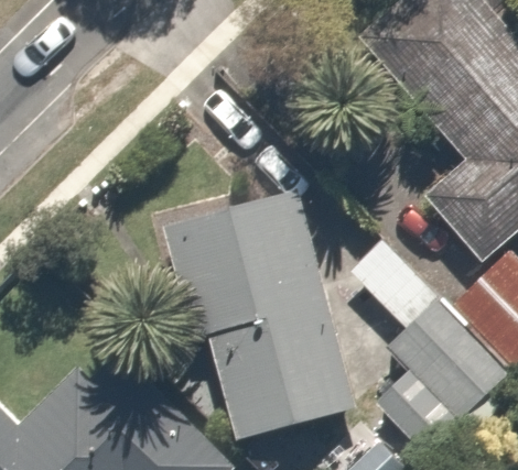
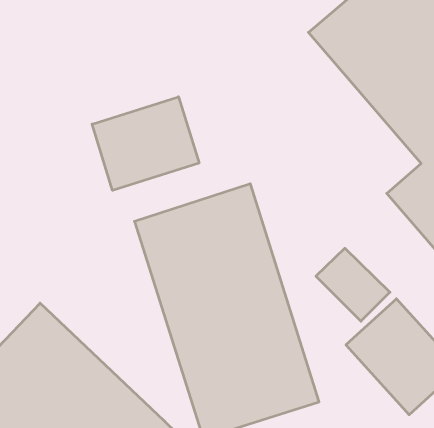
building: none -> [92,97,199,190]

